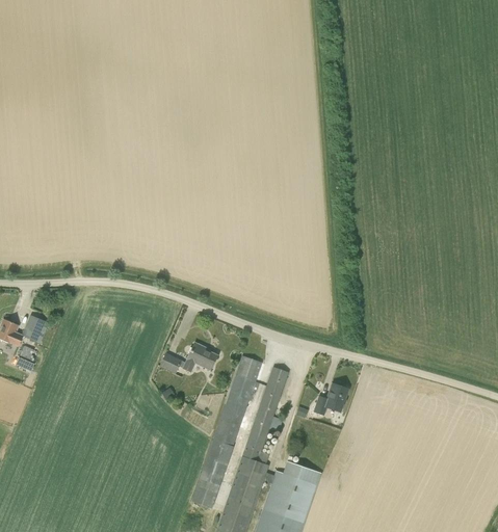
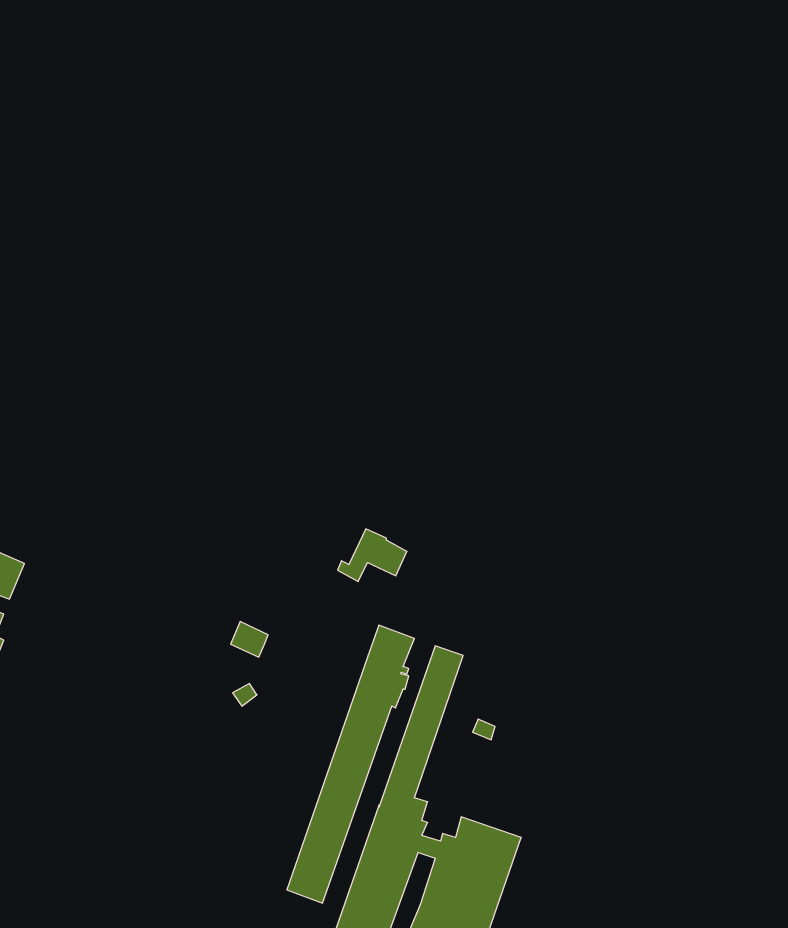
building: [179,343,217,372] -> [338,529,407,581]
building: [313,383,348,416] -> none

